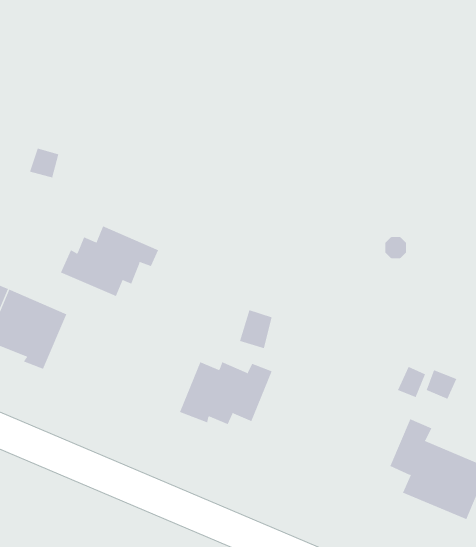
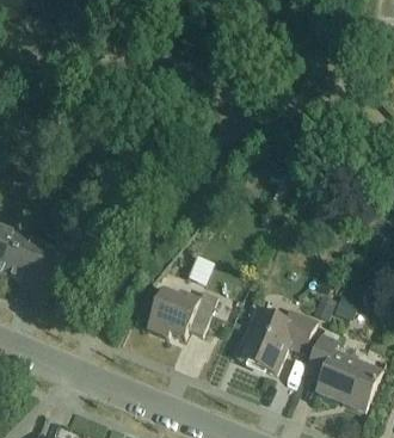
building: [60,226,159,297] -> none
building: none -> [239,307,319,371]

